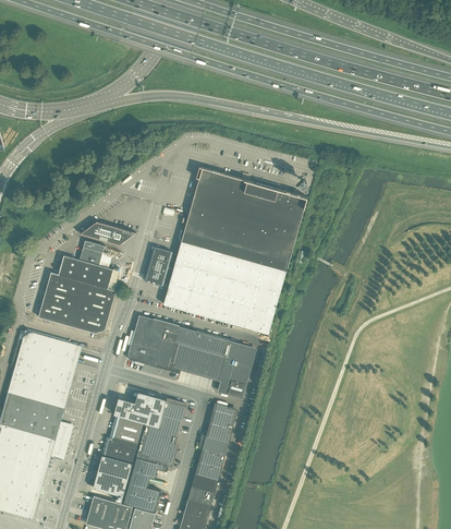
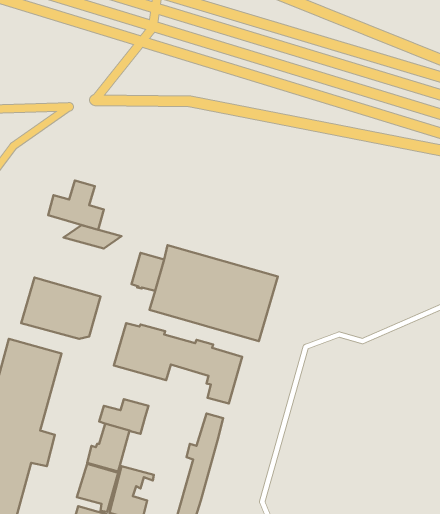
building: [180,168,308,272] -> none
building: [58,241,112,289] -> [48,181,104,230]
building: [135,398,184,466] -> none

